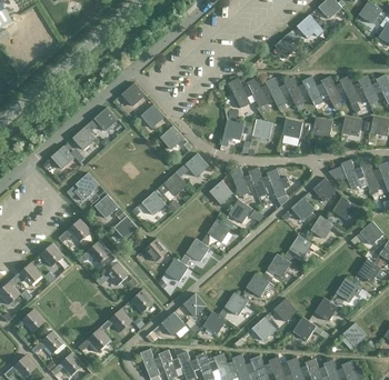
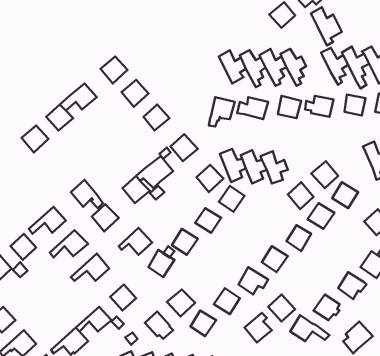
building: [302,76,330,110] -> [311,7,342,45]
building: [327,159,368,189] -> none
building: [66,172,100,201] -> none

